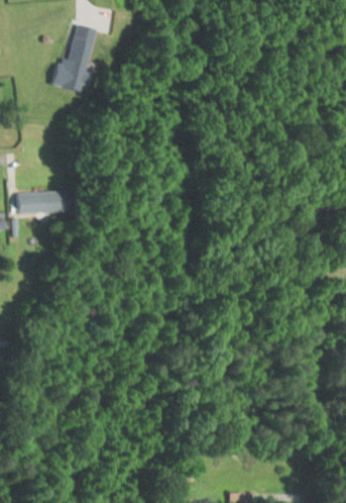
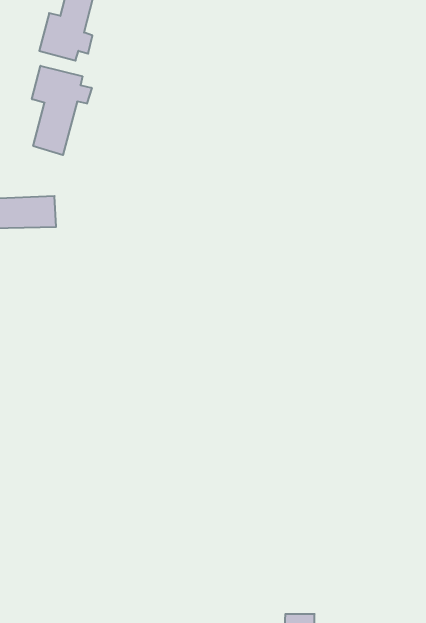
building: none -> [32,66,92,155]

